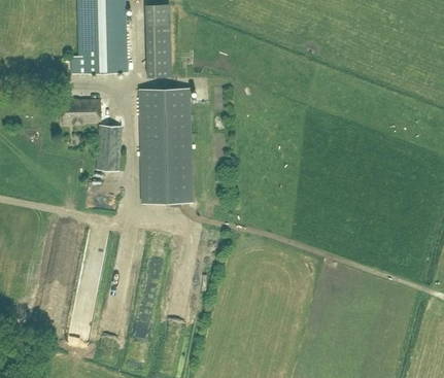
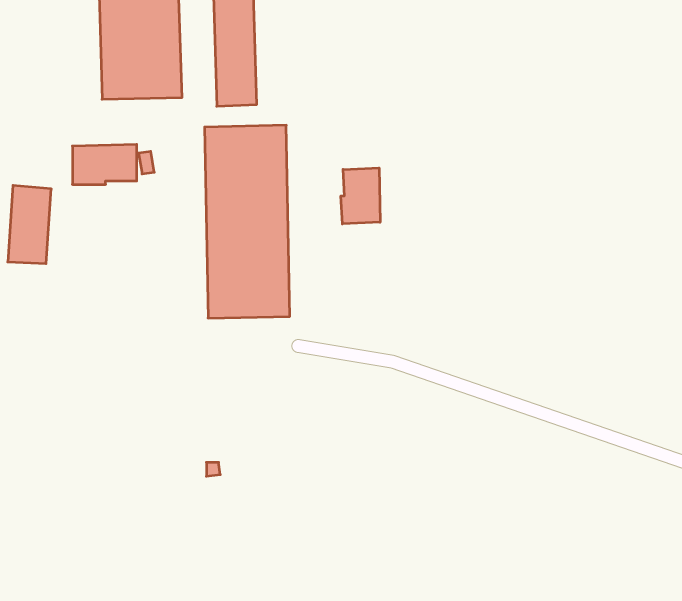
building: none -> [341,168,380,224]
building: [96,125,122,171] -> [8,185,51,264]

